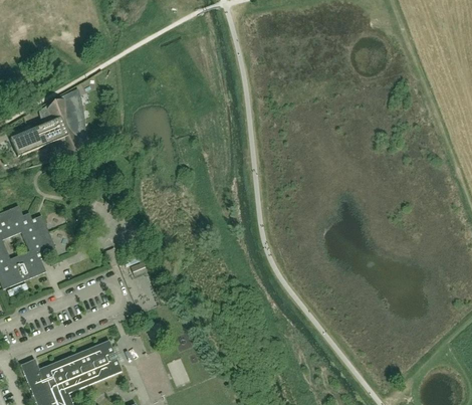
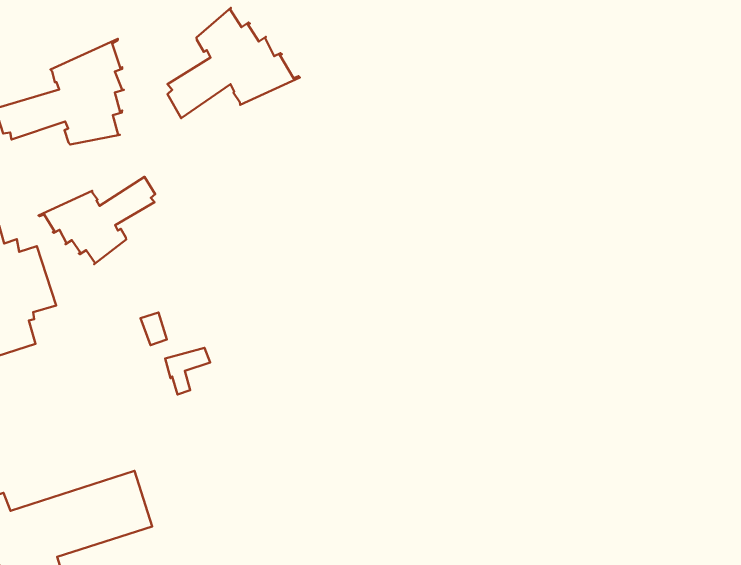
building: none -> [167,8,300,118]
building: none -> [38,177,155,264]

